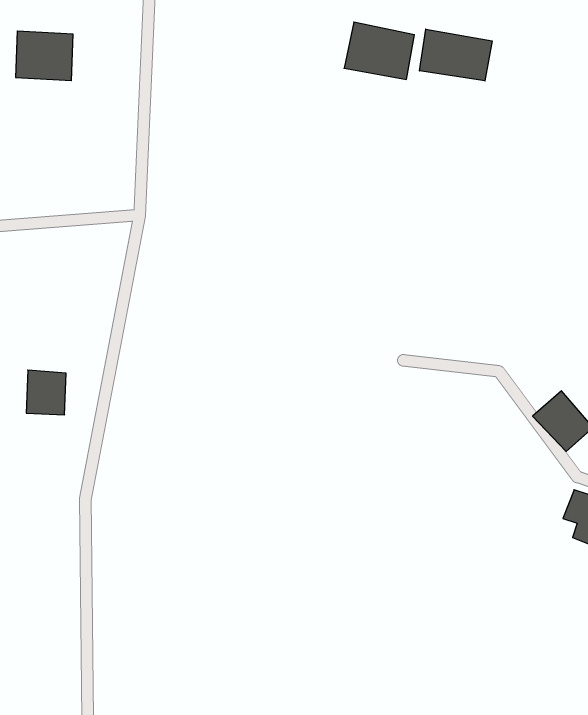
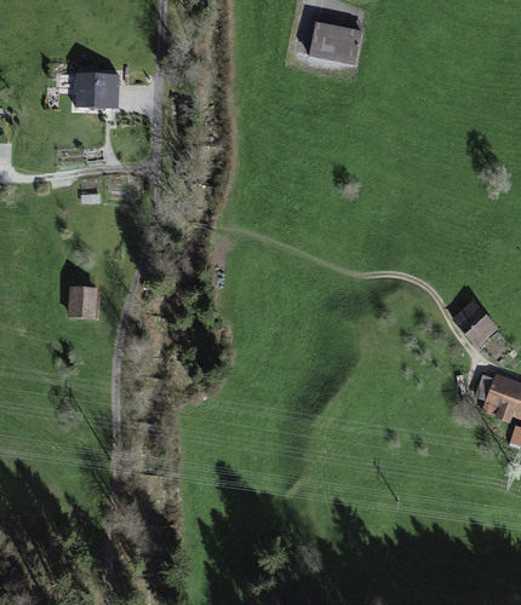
building: [420,29,492,81] -> none
building: [16,31,73,81] -> [76,71,120,109]

